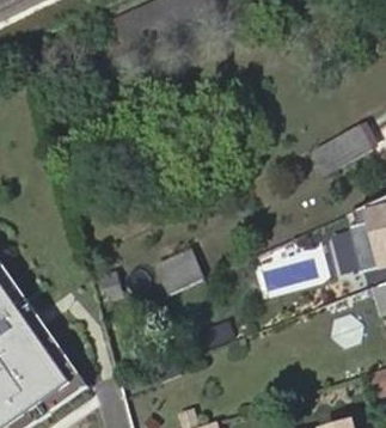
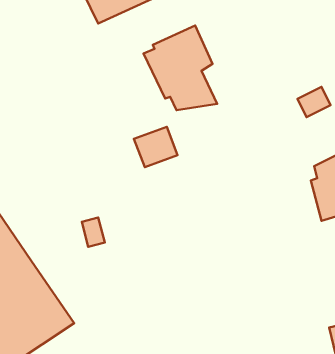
building: none -> [144,26,217,110]
building: [157,246,204,291] -> [134,127,178,167]

